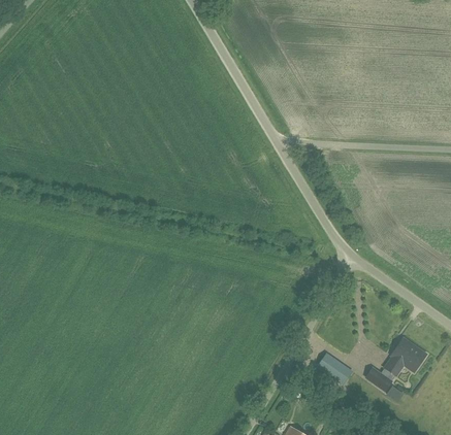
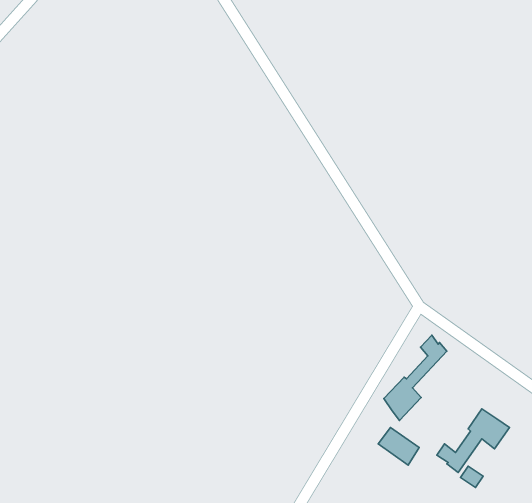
building: none -> [384,335,447,421]

